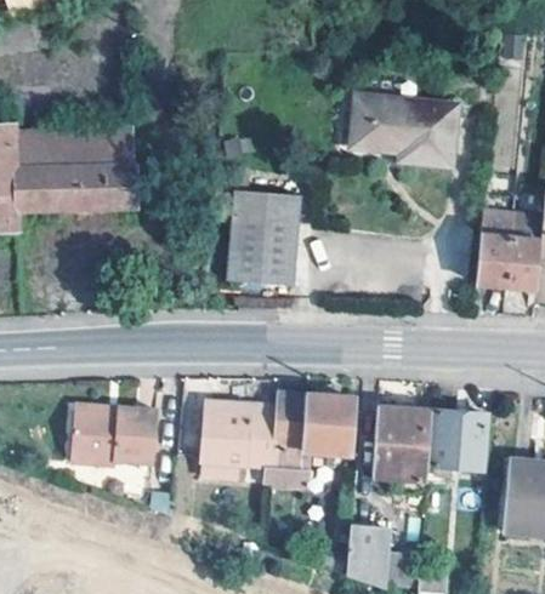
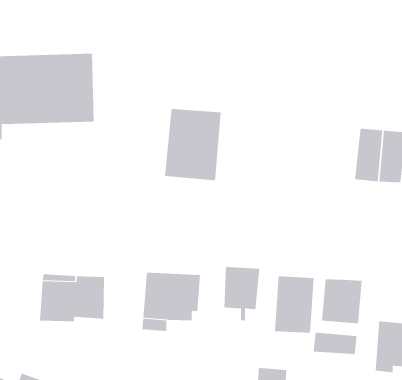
building: [351,95,458,165] -> none
building: [265,394,310,484] -> none
building: none -> [313,332,357,355]

